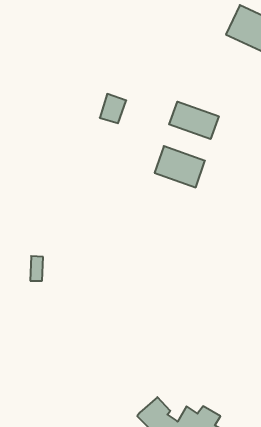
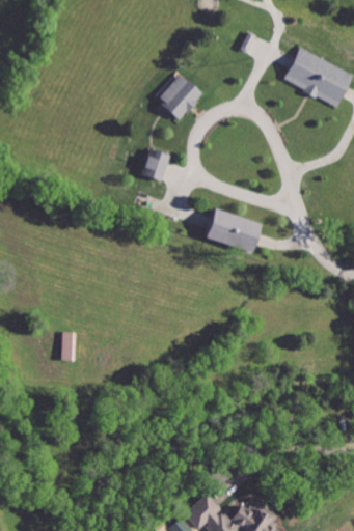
building: none -> [156,73,203,120]
building: [169,102,219,139] -> none

